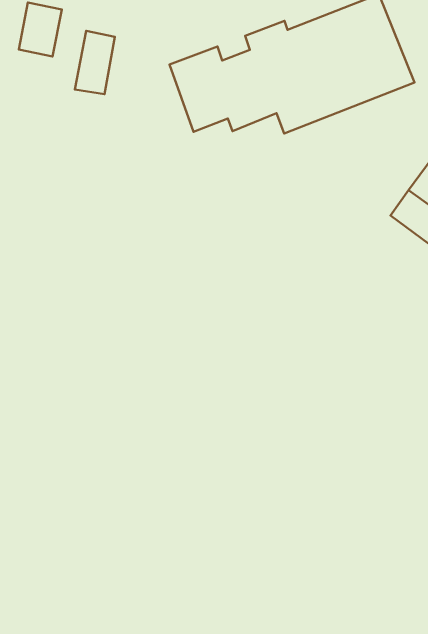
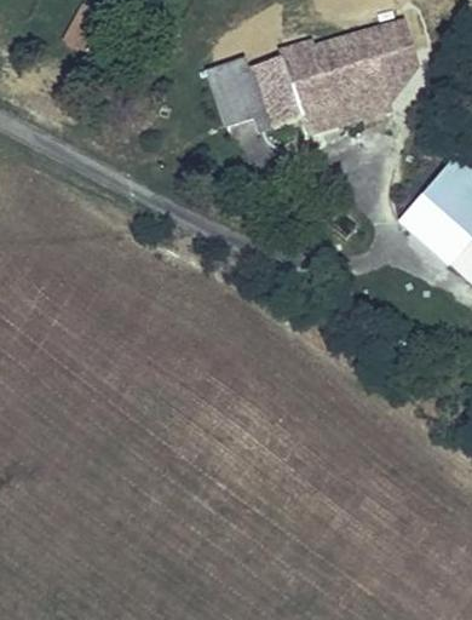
building: [75,31,115,94] -> none

